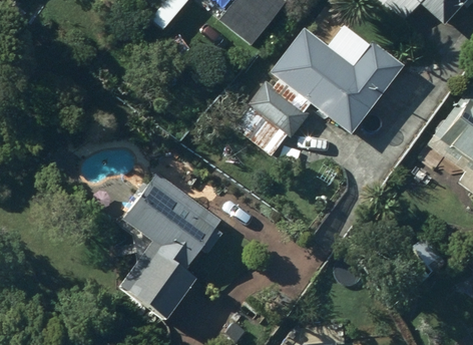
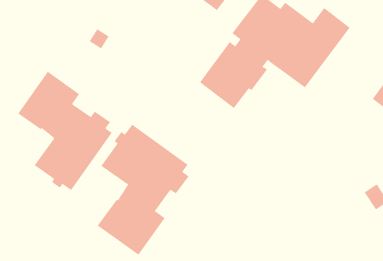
building: none -> [17,71,113,191]

